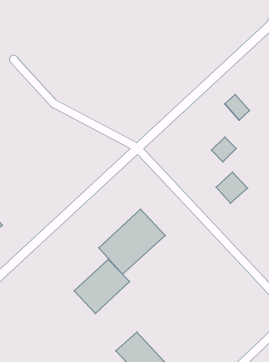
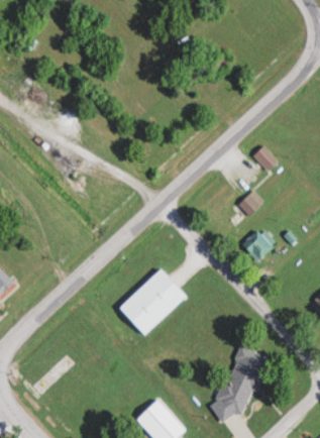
building: [74,260,129,314] -> none
building: none -> [210,345,270,419]

